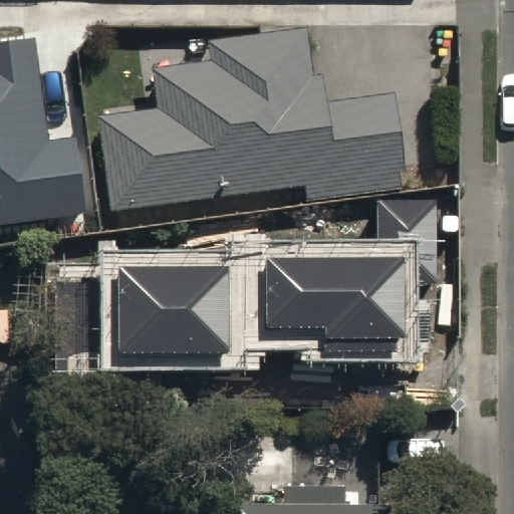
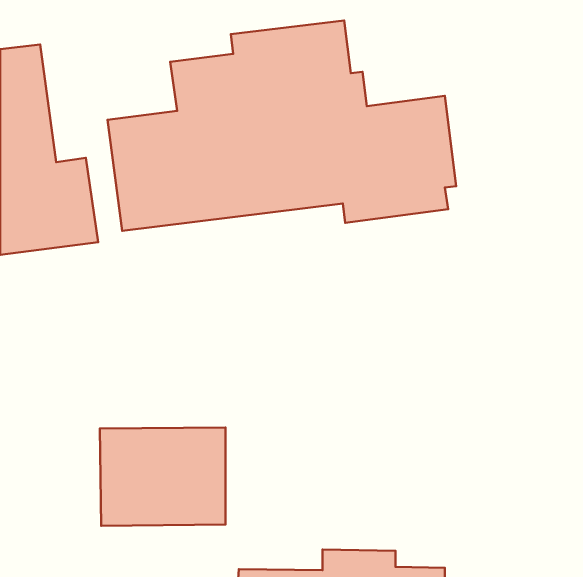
building: [268,263,406,358] -> none
building: [120,271,231,357] -> [100,427,226,526]

